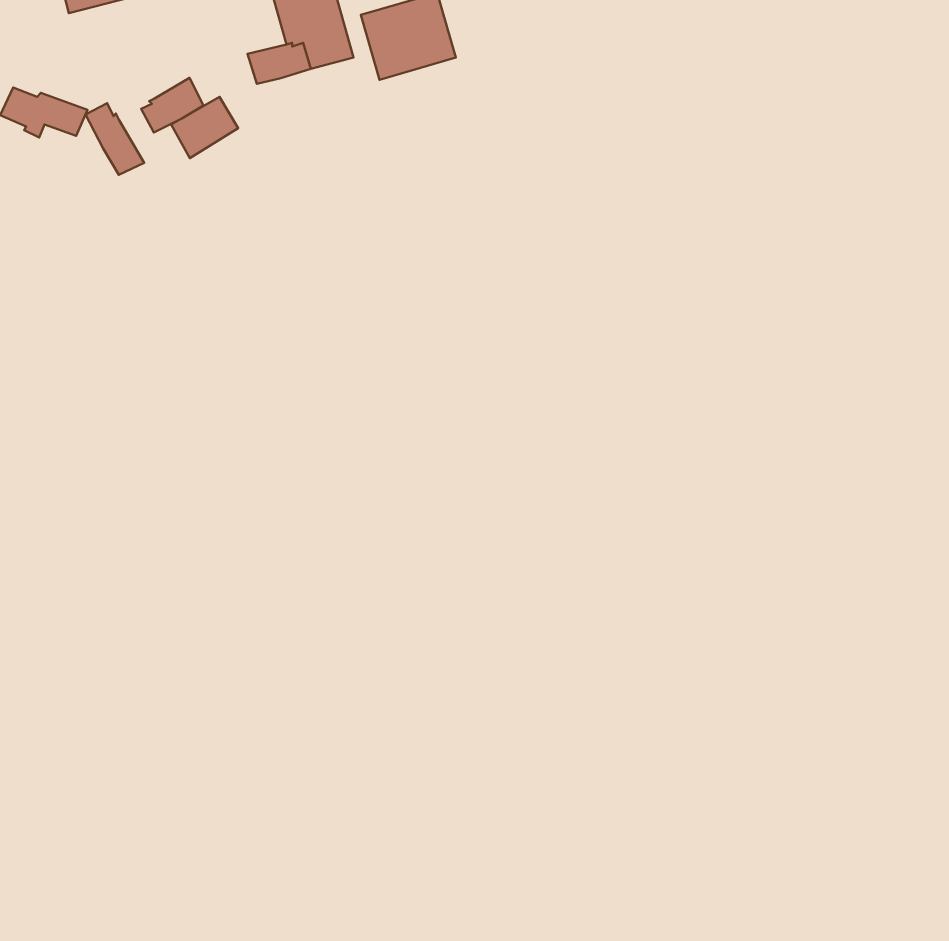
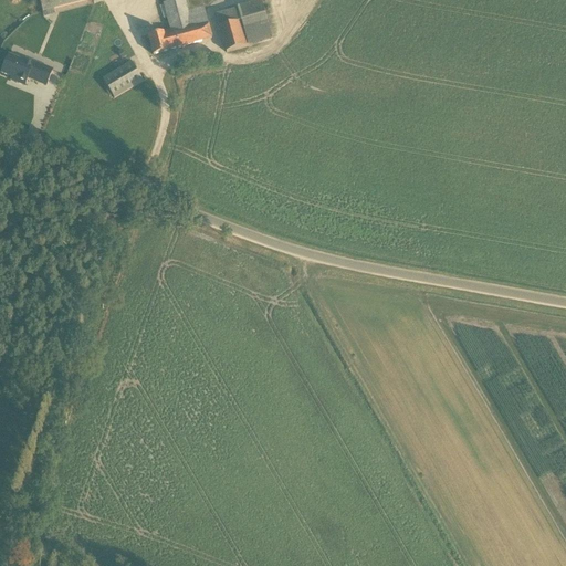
building: [141,78,203,133] -> none
building: [85,103,144,175] -> none

